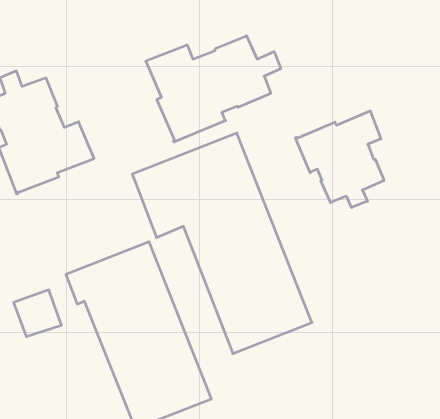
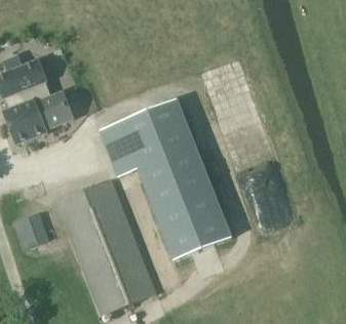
building: [146,36,281,142] -> none
building: [295,111,384,208] -> none

